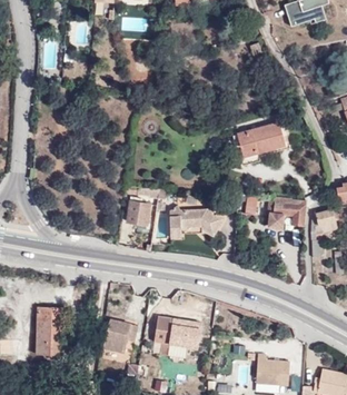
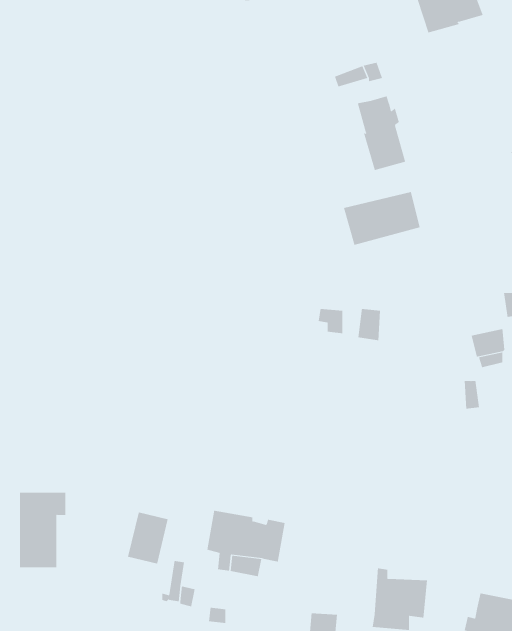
building: none -> [357,95,406,171]
building: [127,197,150,224] -> none
building: [268,198,306,228] -> none
building: [170,205,225,236] -> none

